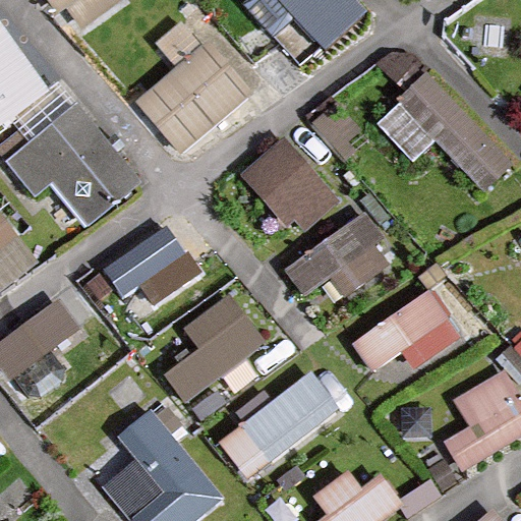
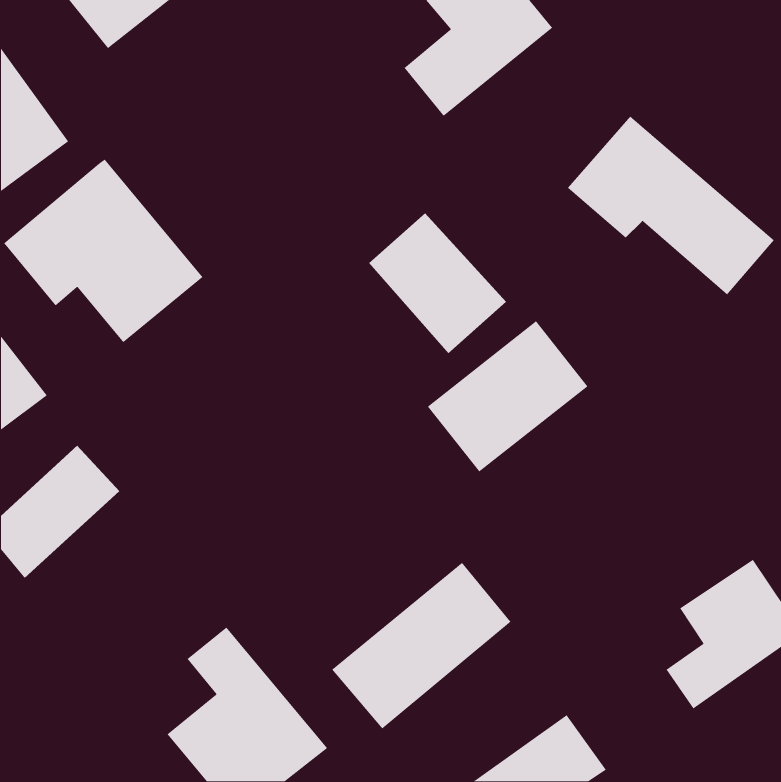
building: [138,45,246,150] -> none
building: [99,223,198,302] -> none
building: [353,291,457,386] -> none
building: [154,295,263,399] -> none

